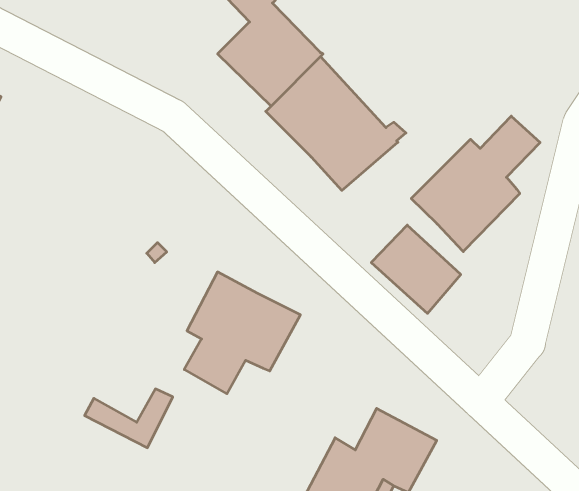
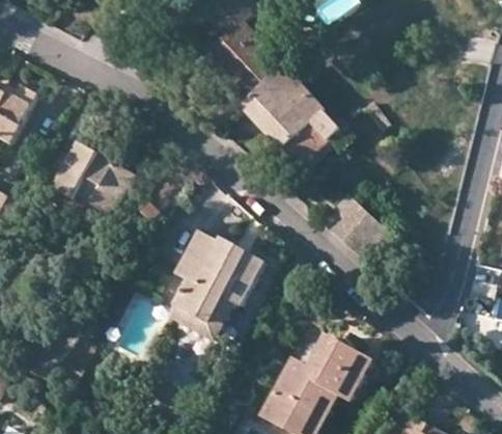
building: [411,116,540,252] -> none
building: none -> [53,143,133,215]
building: [85,389,173,448] -> [167,297,235,343]

